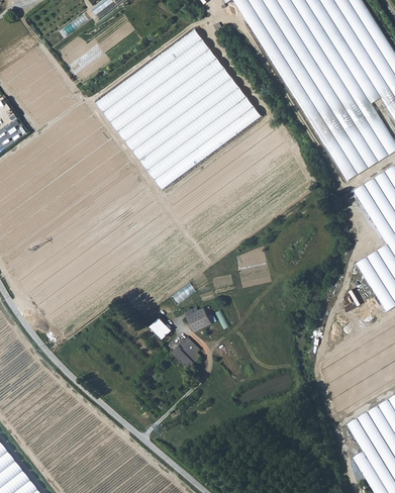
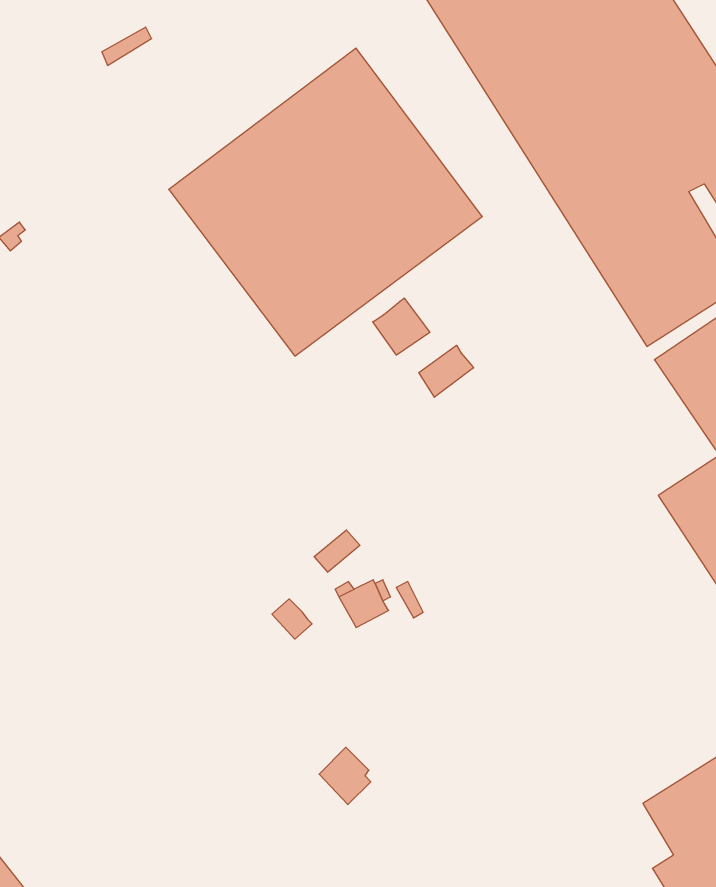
building: none -> [373,298,430,355]
building: none -> [419,345,474,397]
building: [174,337,201,368] -> [319,747,371,805]

